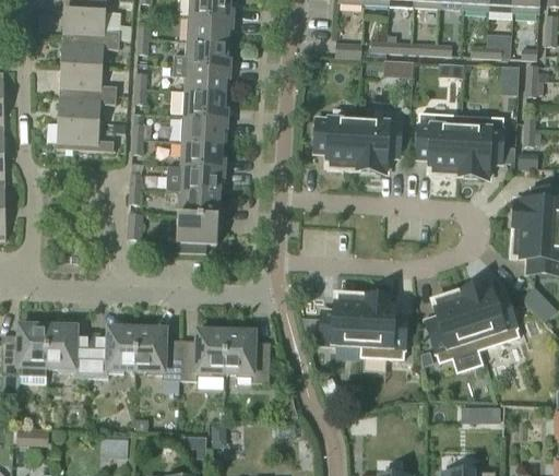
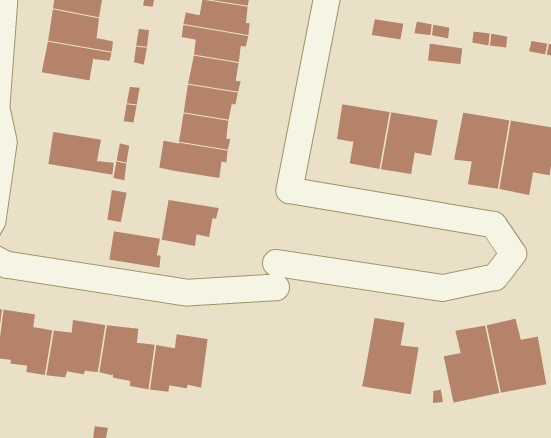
building: [56,119,112,151] -> [48,131,114,175]
building: [177,190,222,217] -> [109,231,162,268]
building: [319,294,364,346] -> none
building: [224,330,270,381] -> none

